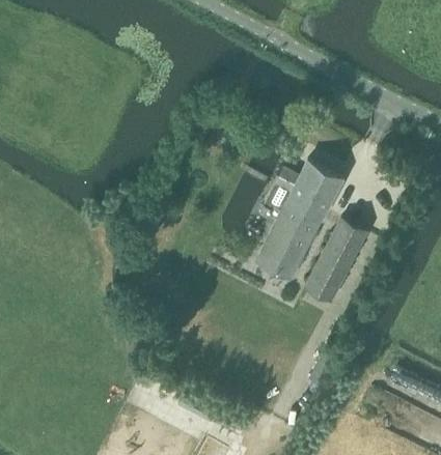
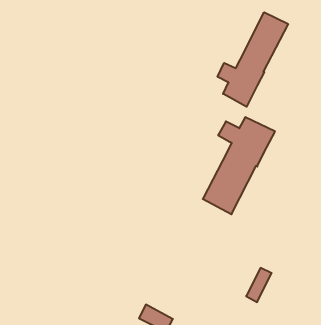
building: none -> [218,12,288,107]
building: [305,220,366,302] -> none

